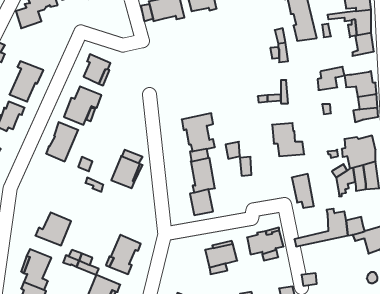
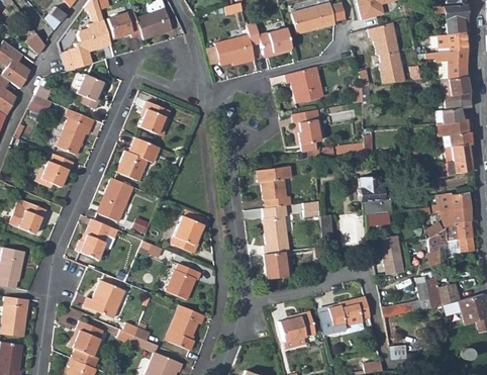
building: none -> [285,67,322,102]
building: none -> [77,74,103,108]
building: none -> [291,109,319,144]
building: [318,67,344,90] -> [441,97,471,123]
building: none -> [76,218,117,259]
building: none -> [167,262,202,298]

